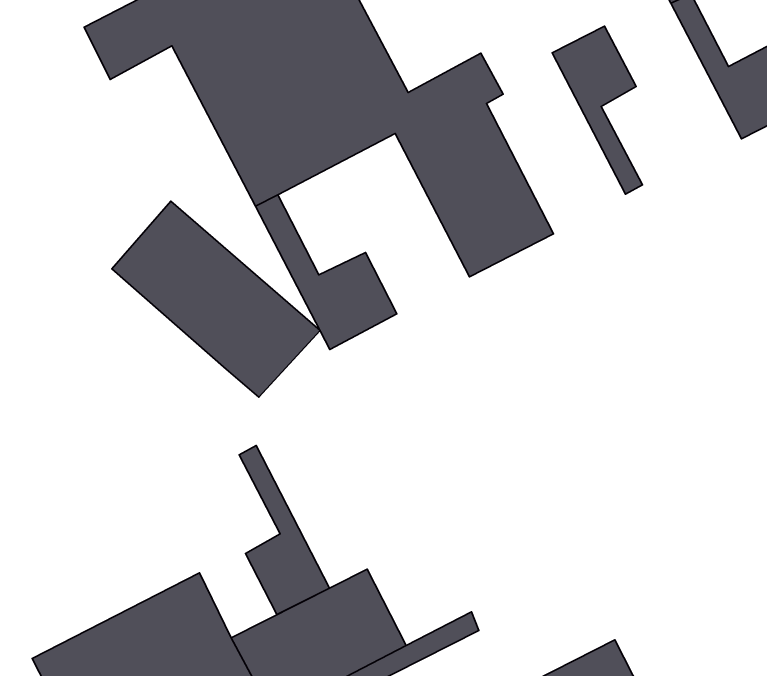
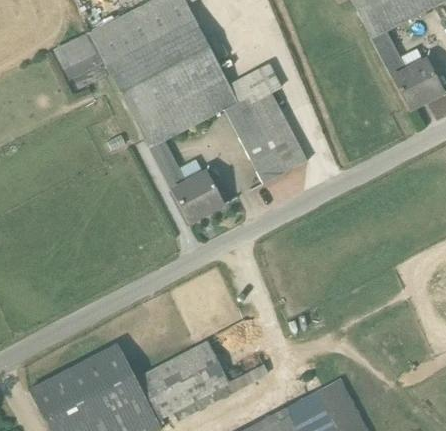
building: [552,26,643,194] -> none
building: [112,201,320,397] -> none
building: [239,446,329,615] -> none

